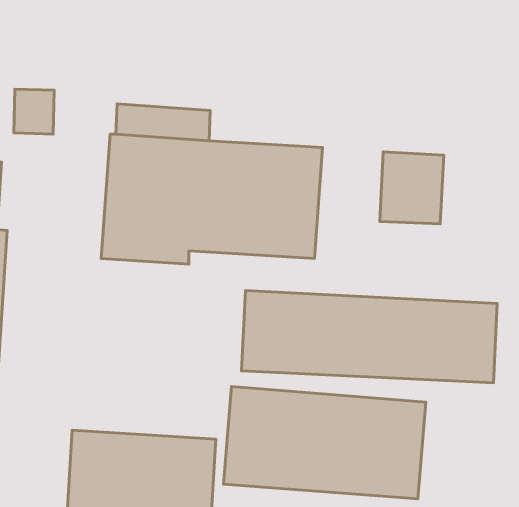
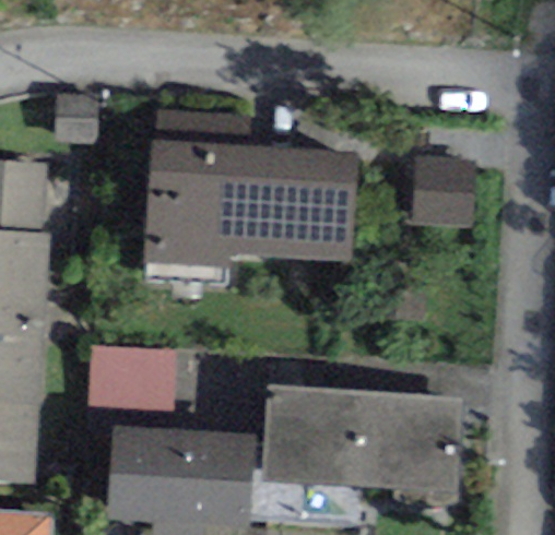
building: [242,291,497,383] -> none
building: none -> [84,346,175,412]

